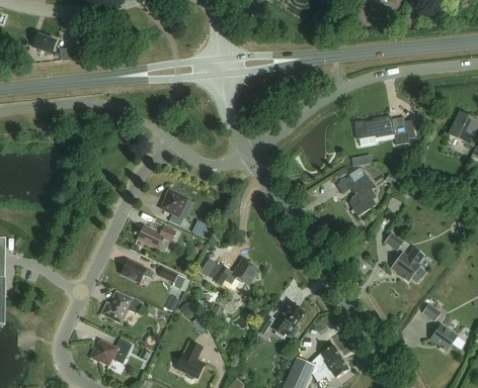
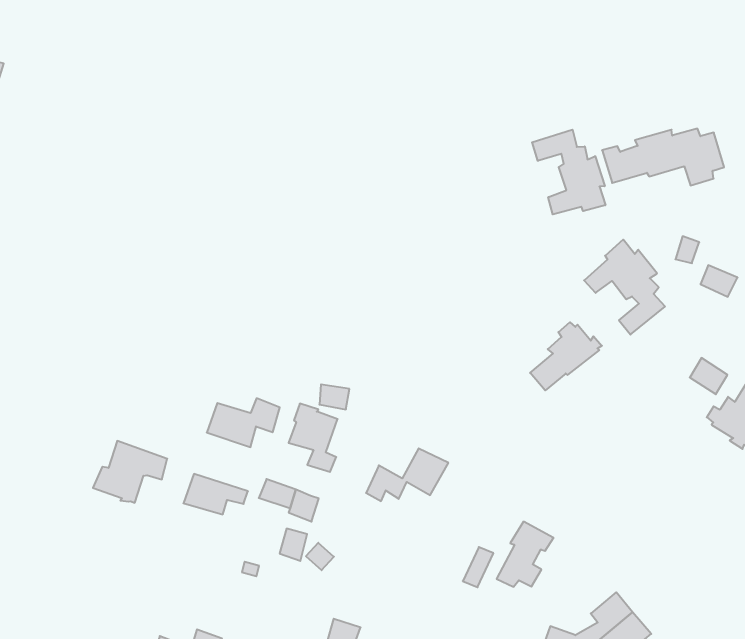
building: none -> [532,130,605,214]
building: [161,189,187,225] -> [289,404,338,472]
building: none -> [530,322,602,390]
building: [101,291,141,323] -> [93,441,167,503]

